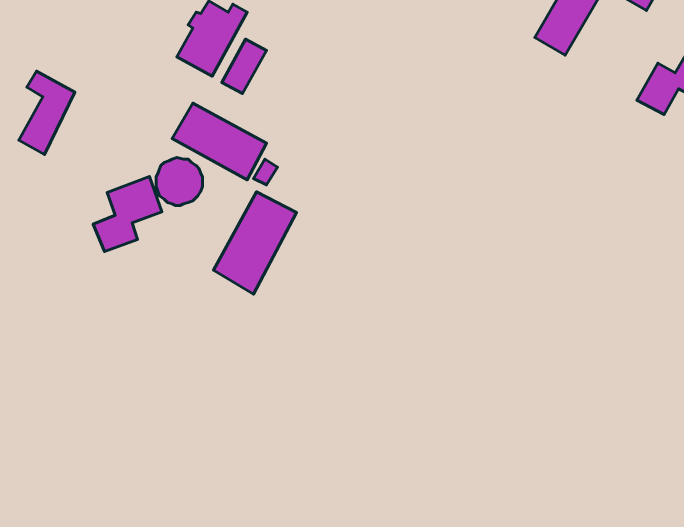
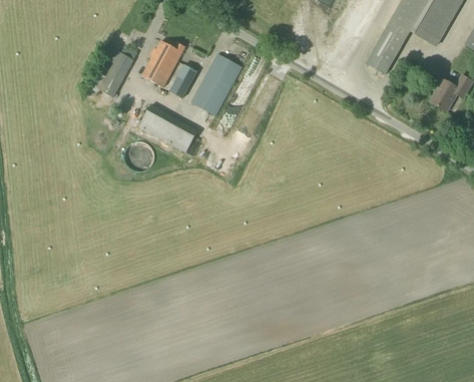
building: [19,71,75,154] -> [98,46,133,98]
building: [93,176,162,251] -> none
building: [214,192,297,294] -> [190,53,243,117]

